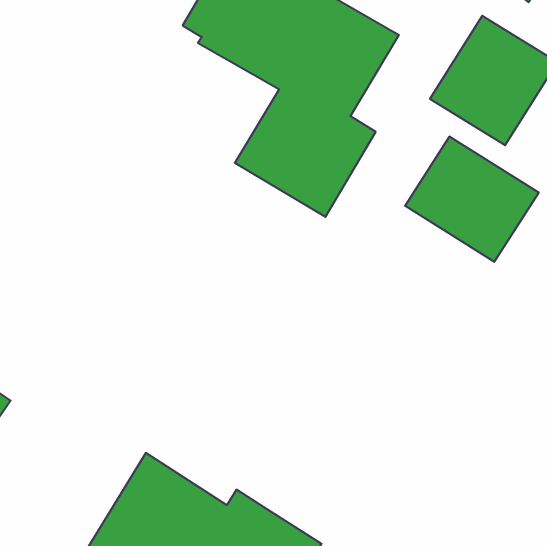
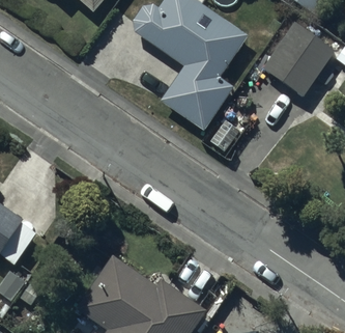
building: [405,136,539,262] -> none

